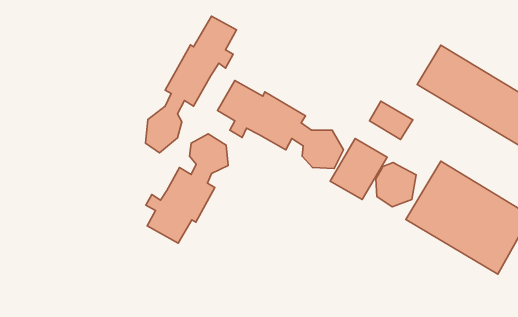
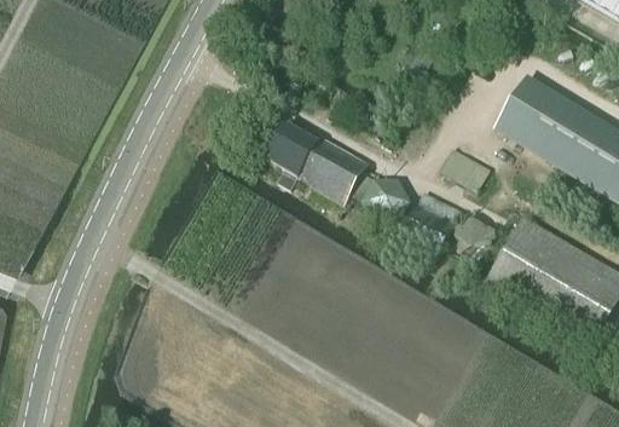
building: [145,16,237,153] -> none
building: [146,134,228,243] -> none

